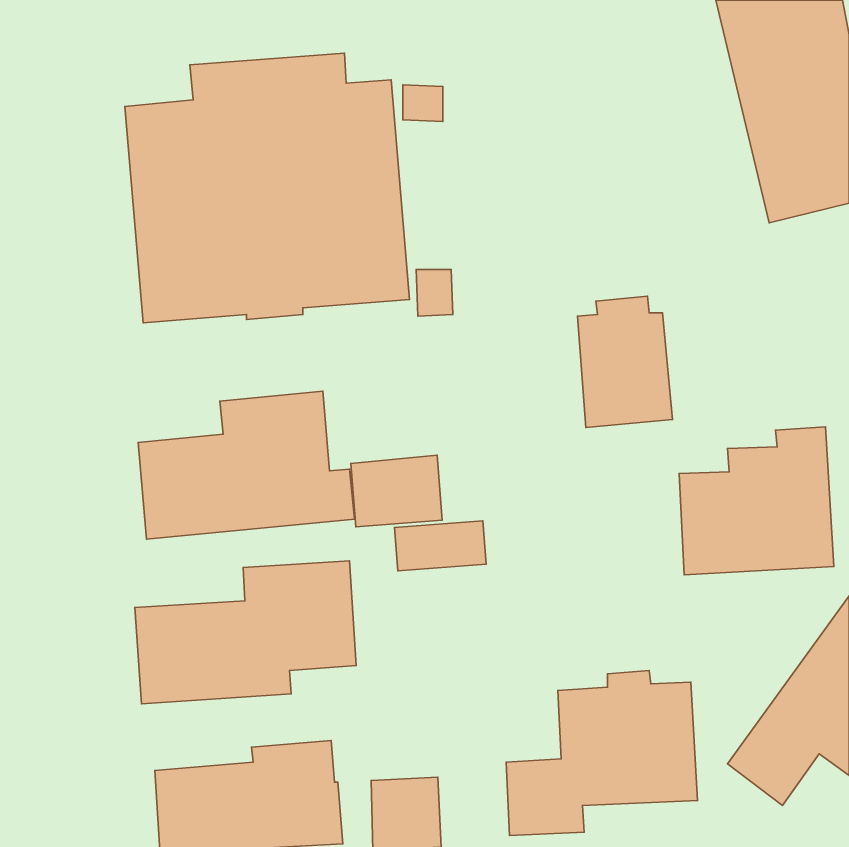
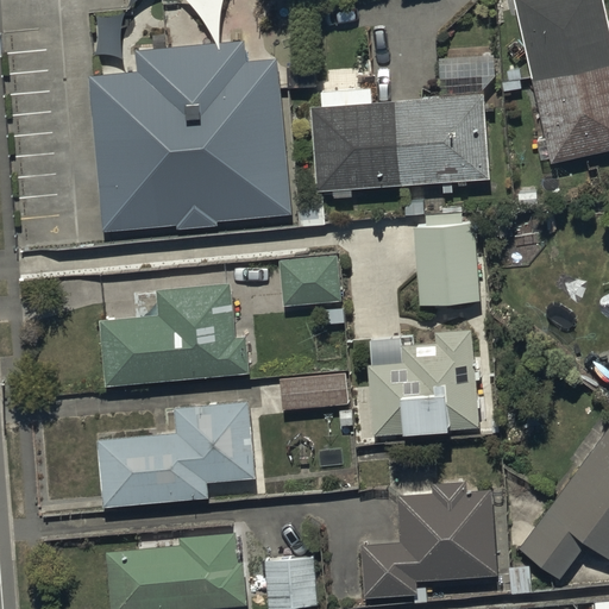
building: none -> [313,57,496,189]
building: [679,427,834,575] -> [368,329,478,435]
building: [351,455,442,527] -> [278,255,344,306]

